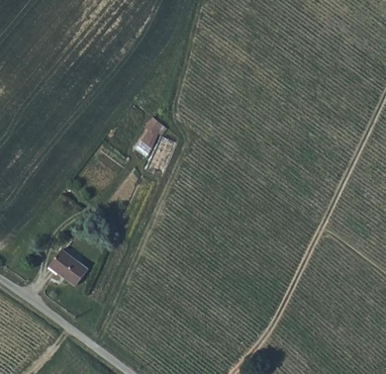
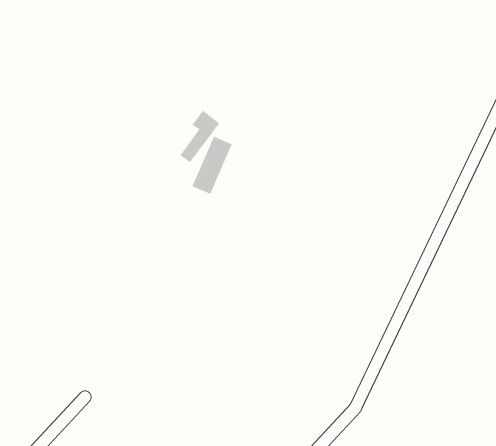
building: [46,250,83,284] -> none

